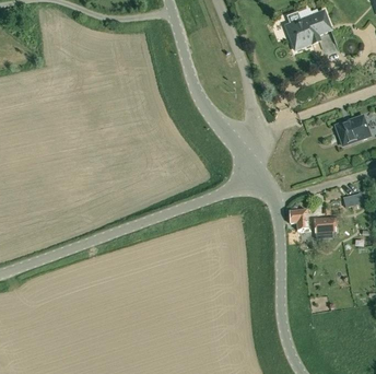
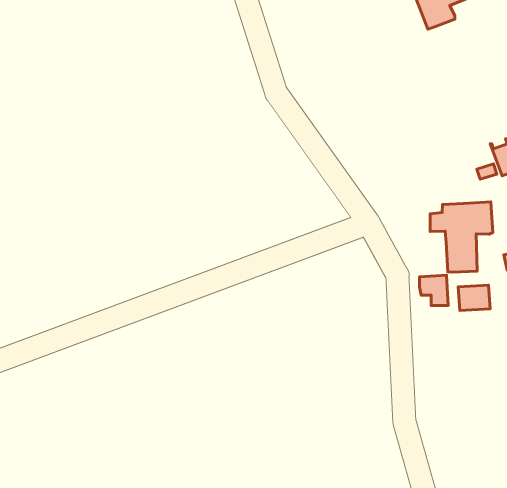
building: none -> [430,202,493,272]

